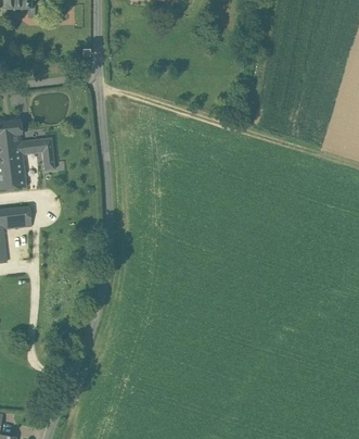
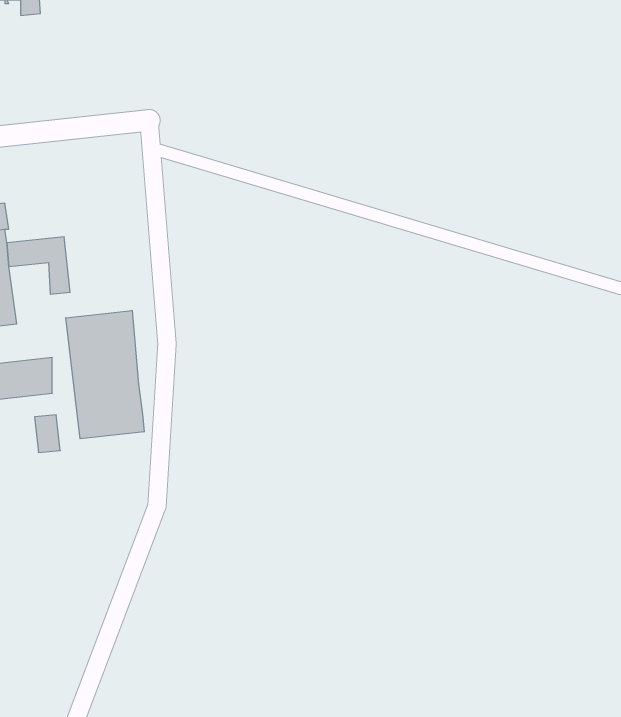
building: none -> [66,310,144,439]

